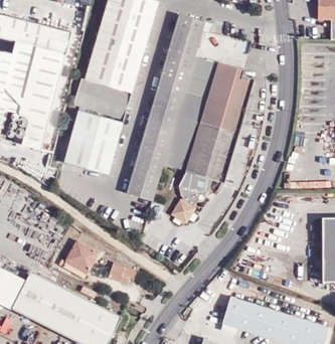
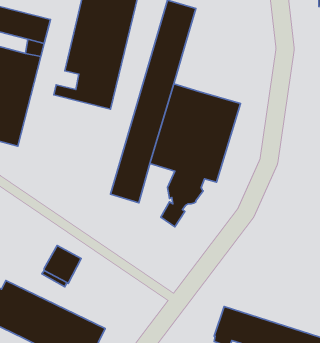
building: [184,56,255,110] -> none
building: [61,108,121,173] -> none
building: [108,263,138,285] -> none

